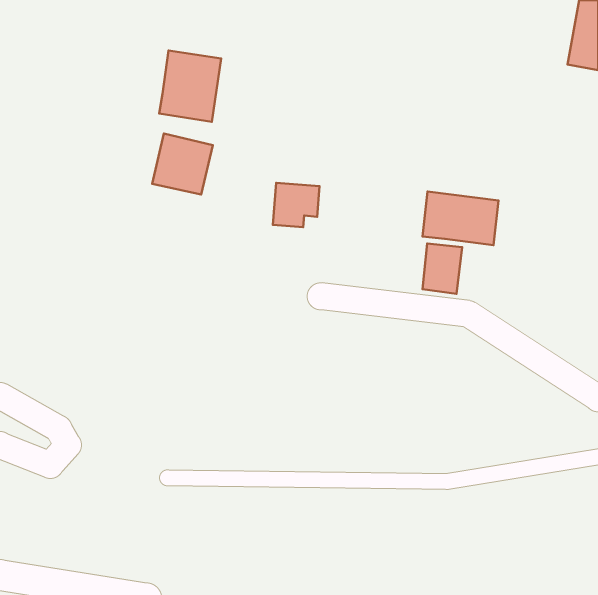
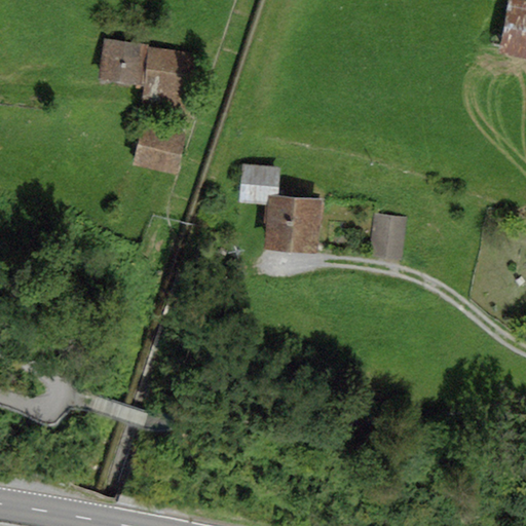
building: none -> [97,39,148,85]
building: [422,191,499,245] -> none
building: none -> [263,192,322,248]

